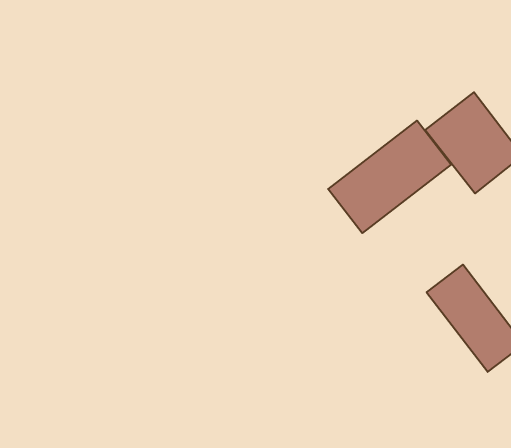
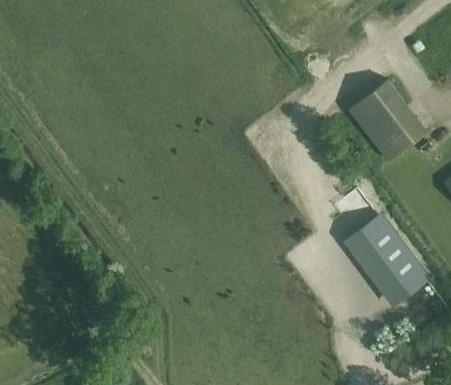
building: [328,121,451,233] -> none

